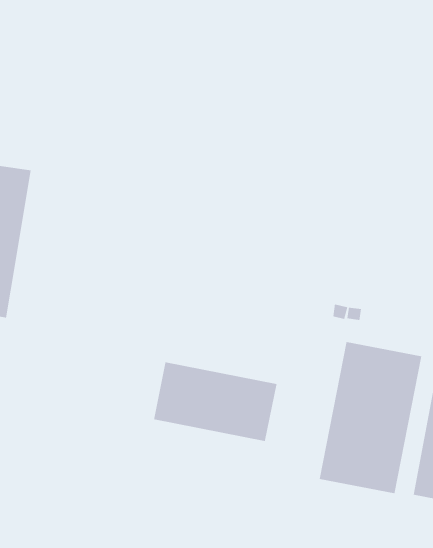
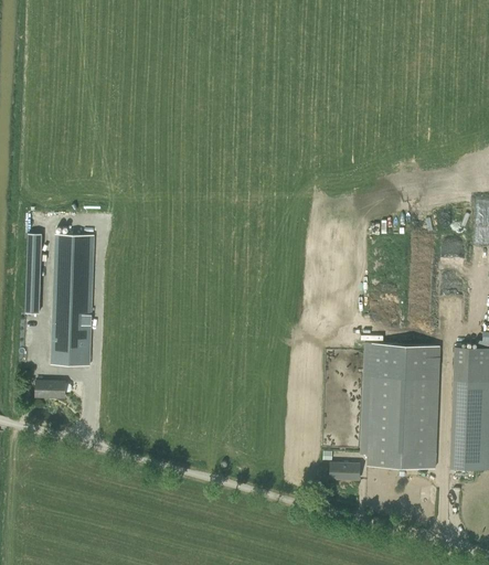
building: [154,361,277,442] -> none
building: none -> [330,463,360,480]

